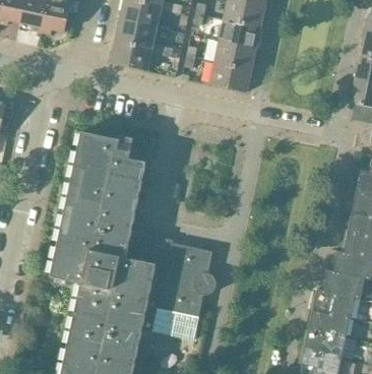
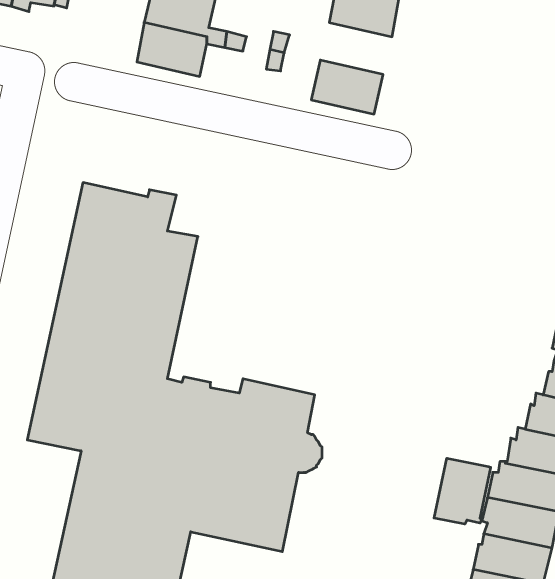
building: [215,41,256,70] -> none
building: none -> [434,458,491,524]

